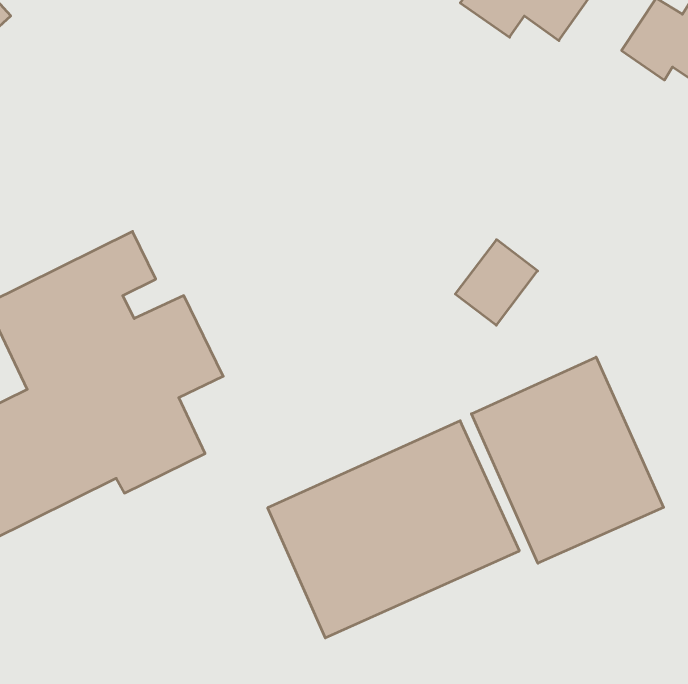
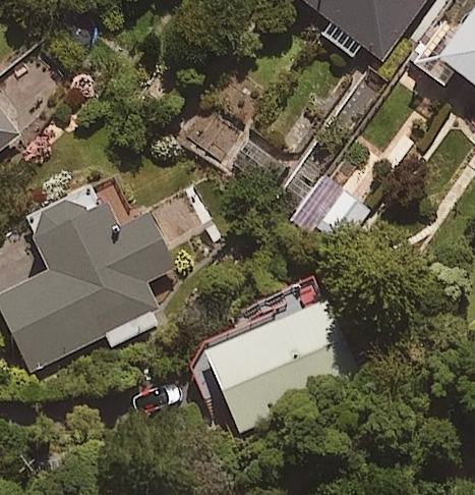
building: [471,357,664,563] -> none

